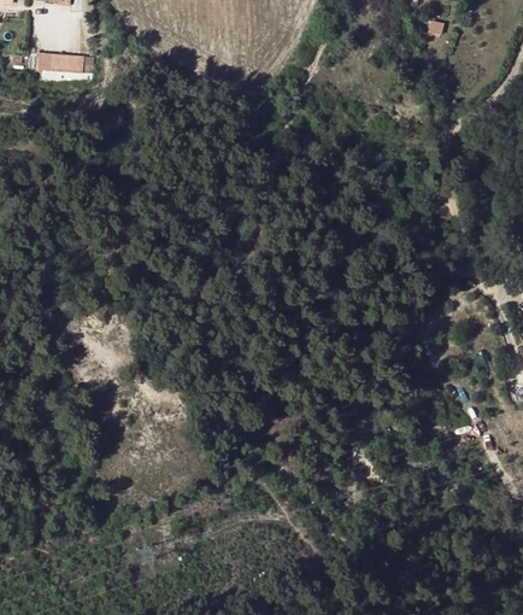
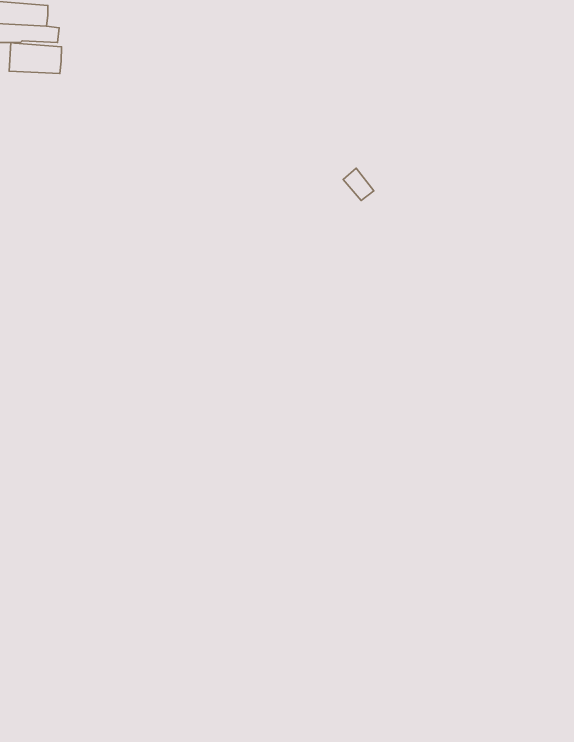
building: none -> [9,42,61,74]

